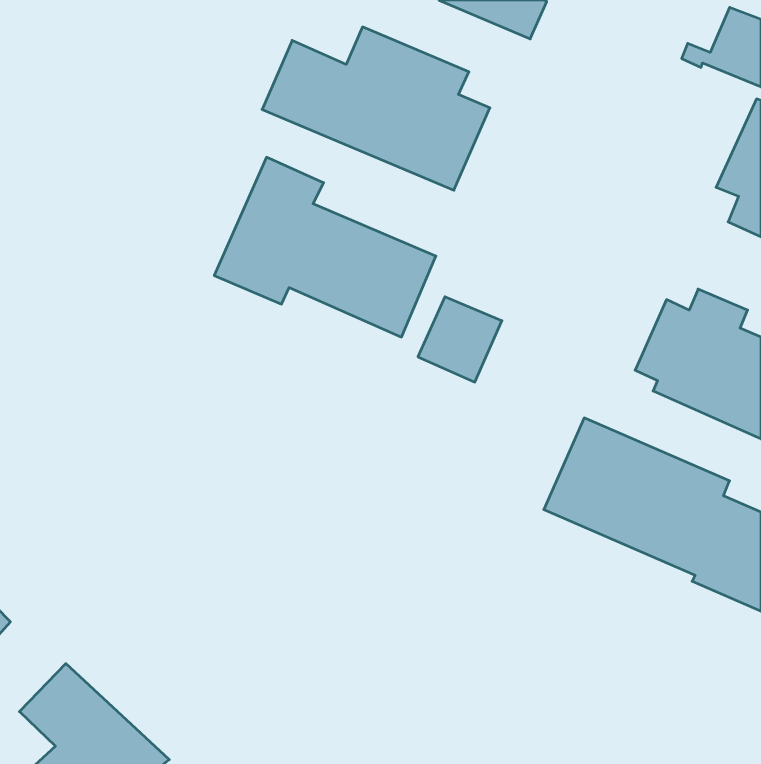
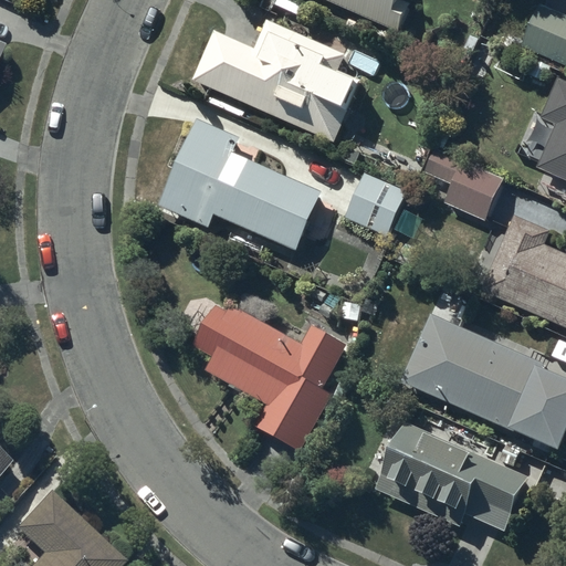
building: none -> [426,148,505,220]
building: [418,297,502,382] -> [343,172,405,235]
building: none -> [186,306,350,451]
building: none -> [374,420,526,528]

